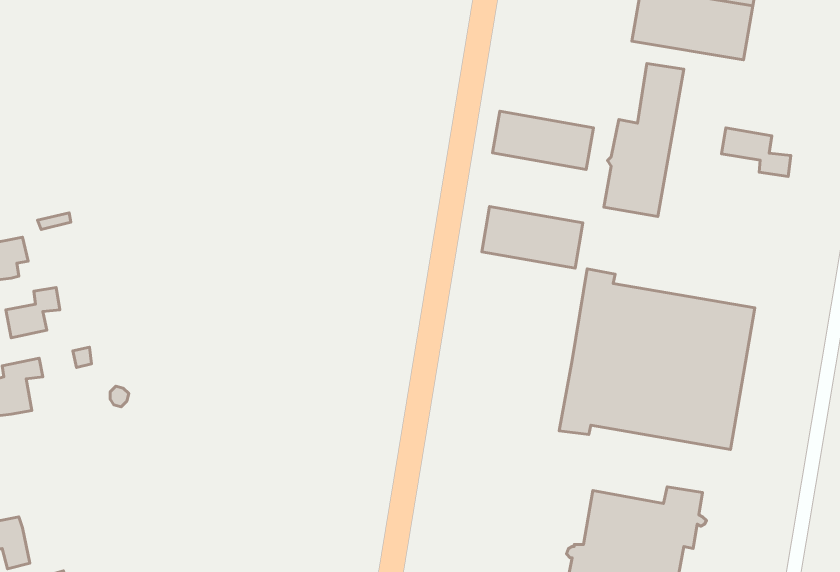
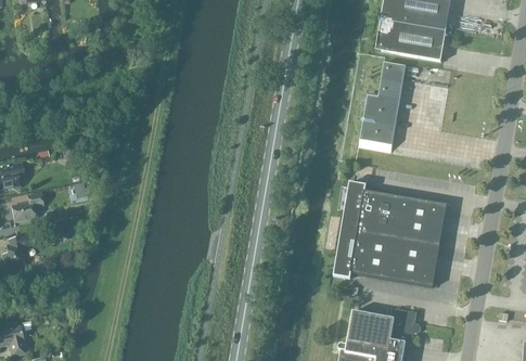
building: [493,111,593,170] -> none
building: [722,128,791,176] -> none
building: [482,207,583,268] -> none

